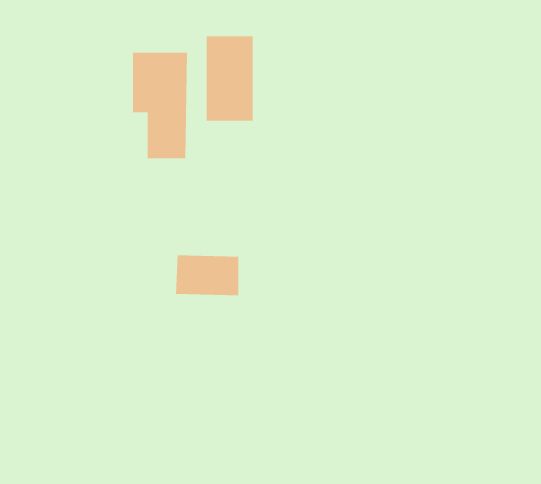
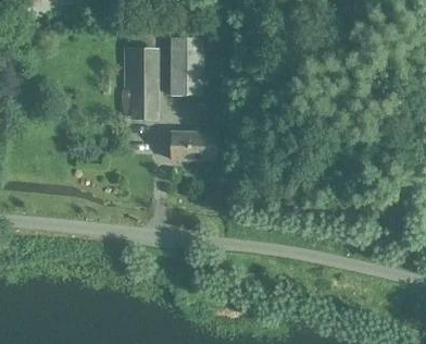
building: [175,255,239,296] -> [171,133,213,160]

